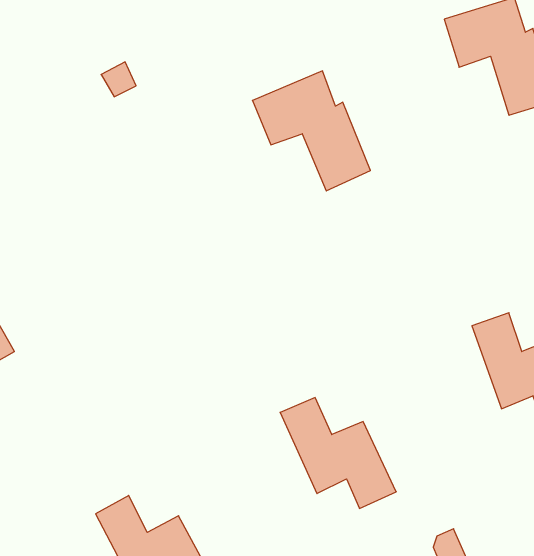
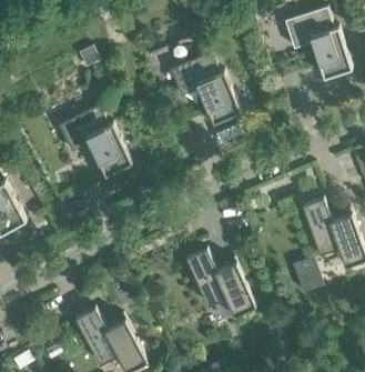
building: none -> [59,105,132,177]
building: none -> [293,258,324,293]

